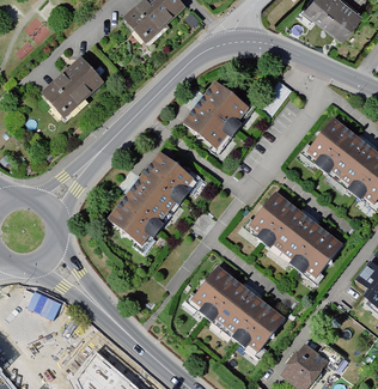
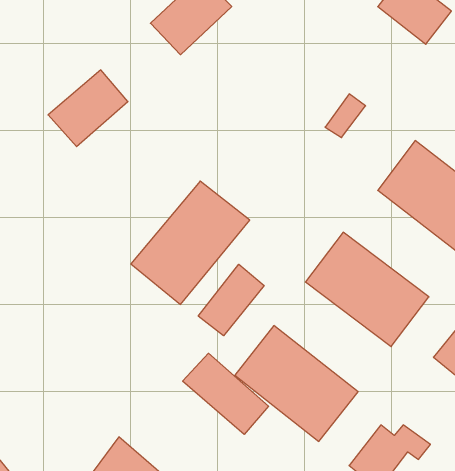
building: [181,79,254,153] -> none
building: none -> [198,264,264,336]
building: none -> [183,353,269,434]

